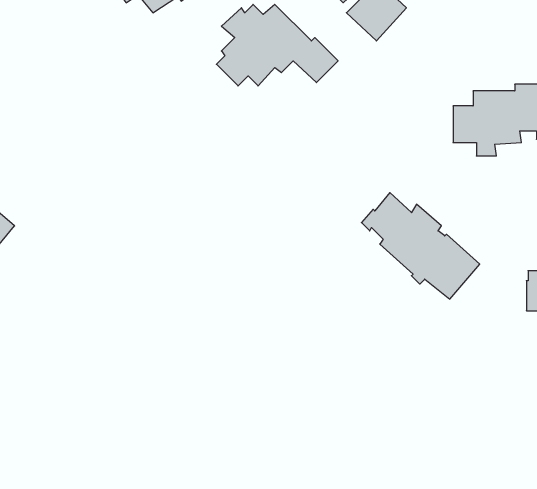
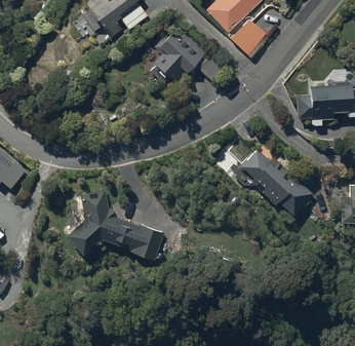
building: none -> [67,190,163,260]

